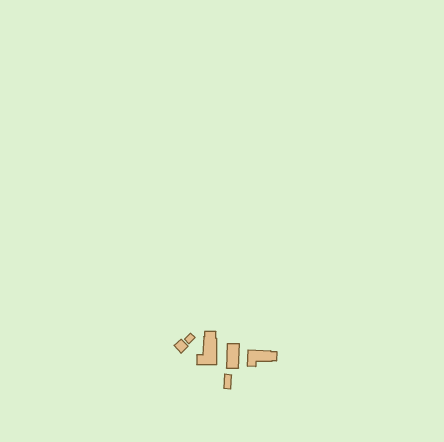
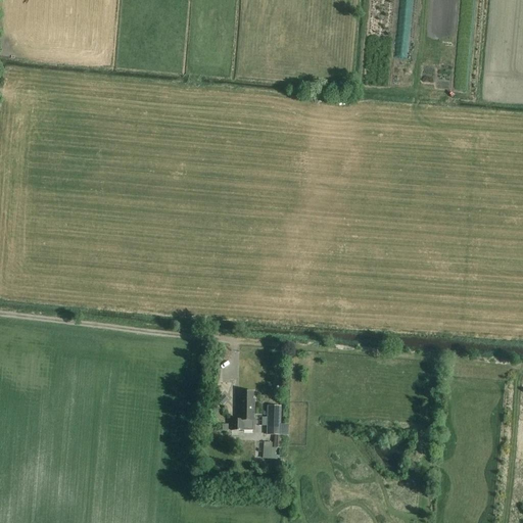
building: [248,350,277,367] -> none

